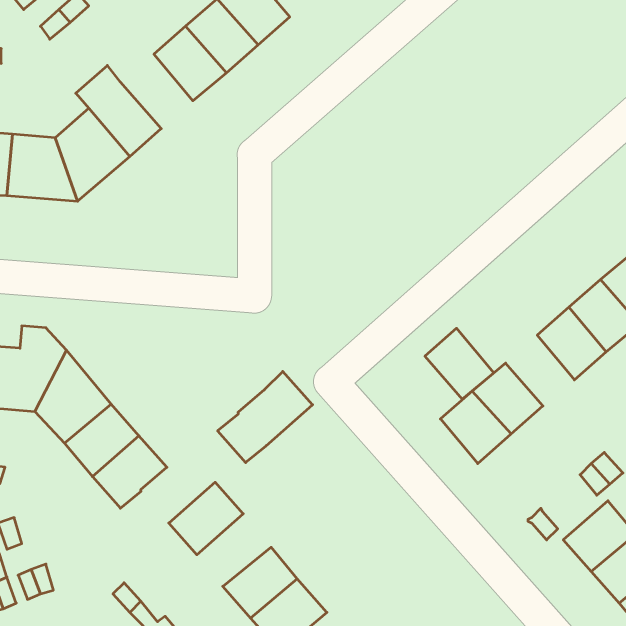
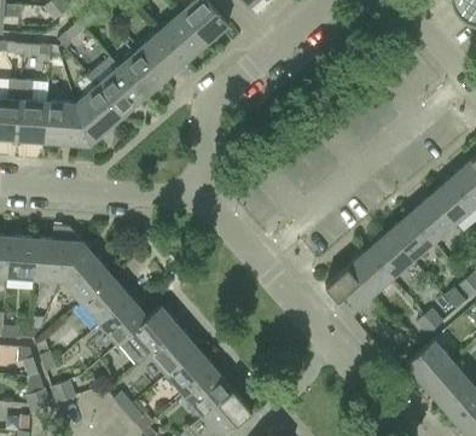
building: none -> [117,50,164,98]
building: [425,328,494,399] -> [367,232,412,278]
building: [218,371,313,463] -> [117,306,179,365]
building: none -> [167,348,215,395]

